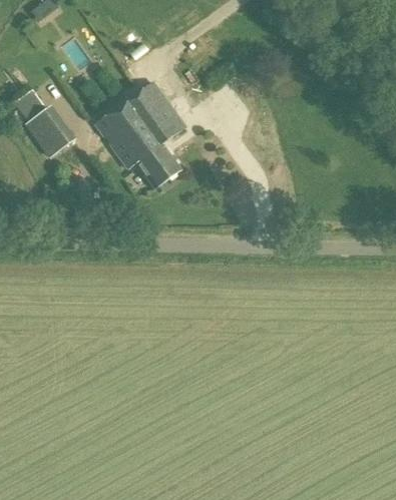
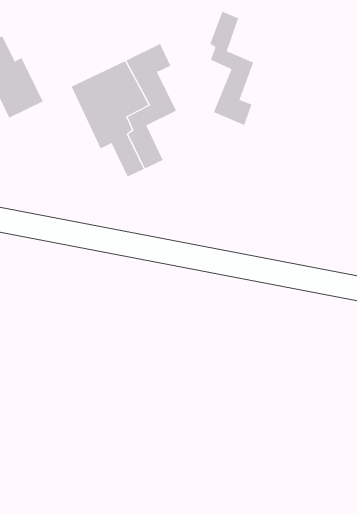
building: none -> [210,11,254,126]

